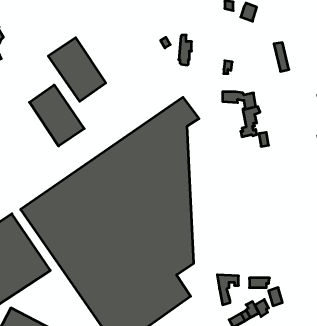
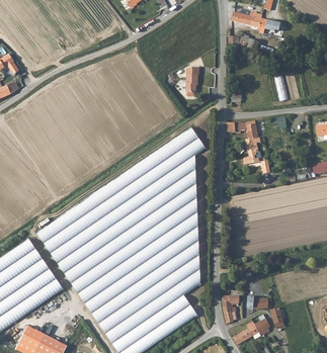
building: [48,38,106,101] -> none
building: [29,85,84,146] -> none

